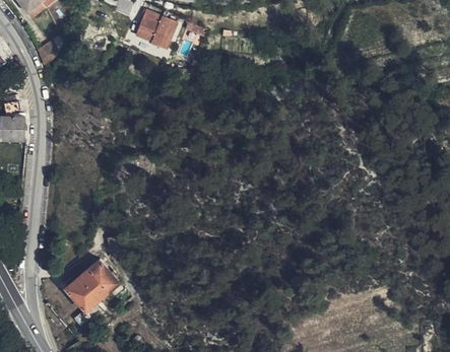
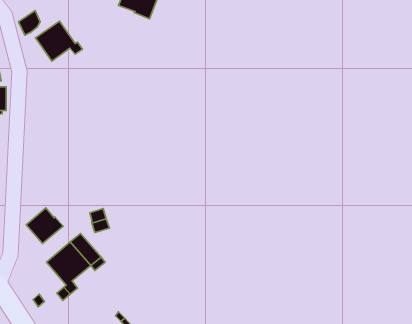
building: none -> [36,21,82,61]
building: none -> [26,208,63,244]

